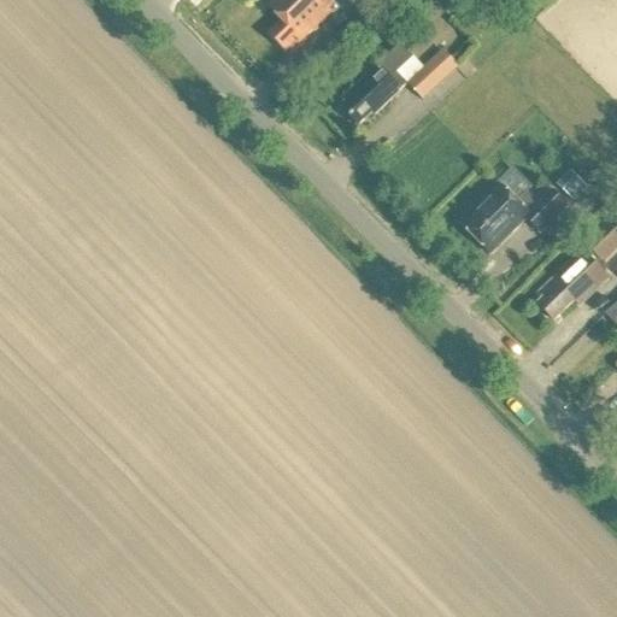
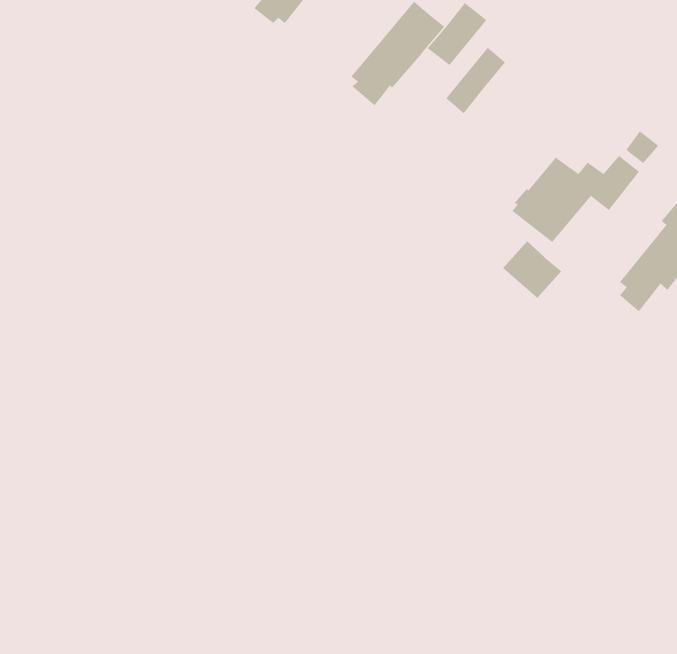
building: none -> [446,47,506,114]
building: none -> [502,240,562,299]

